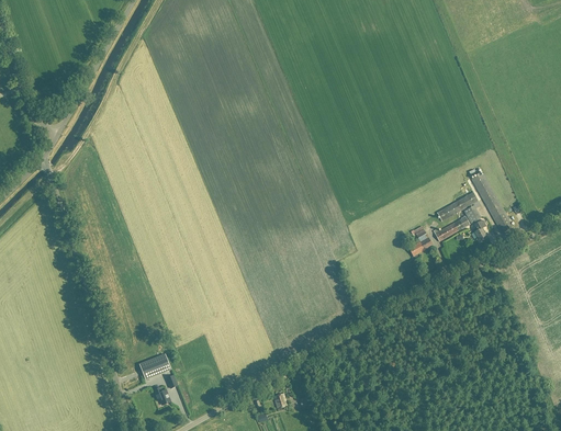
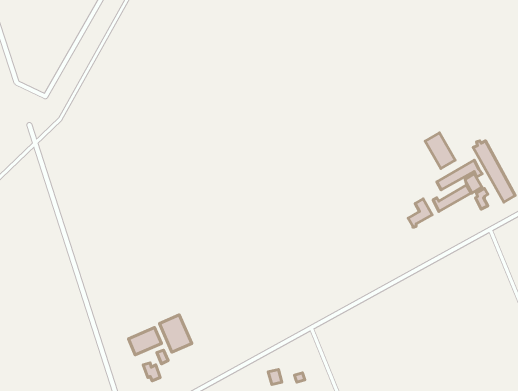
building: none -> [425,133,455,169]
building: none -> [159,315,192,352]

